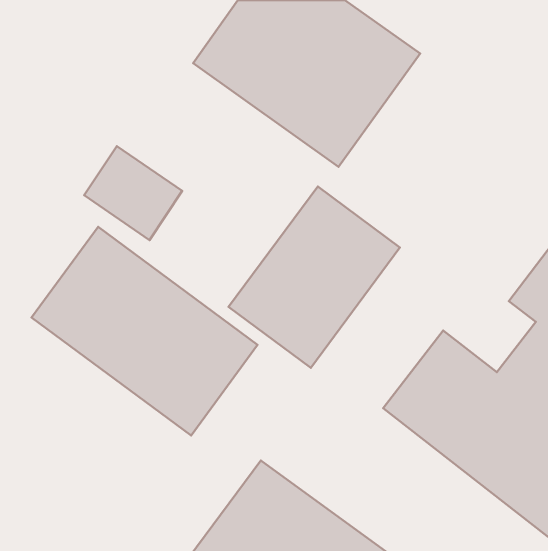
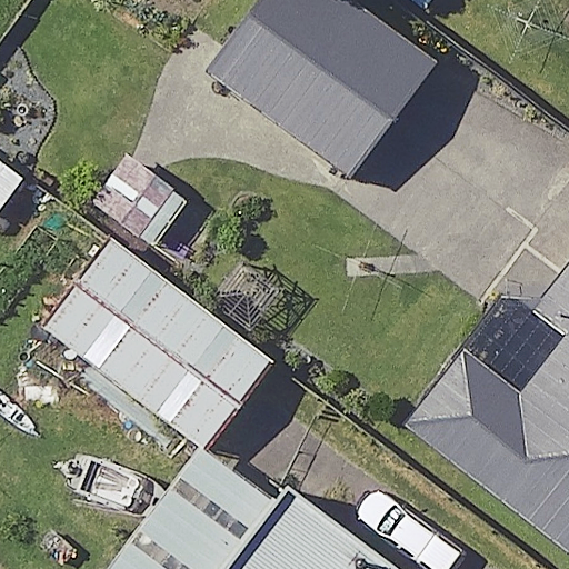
building: [229,186,400,368] -> none

